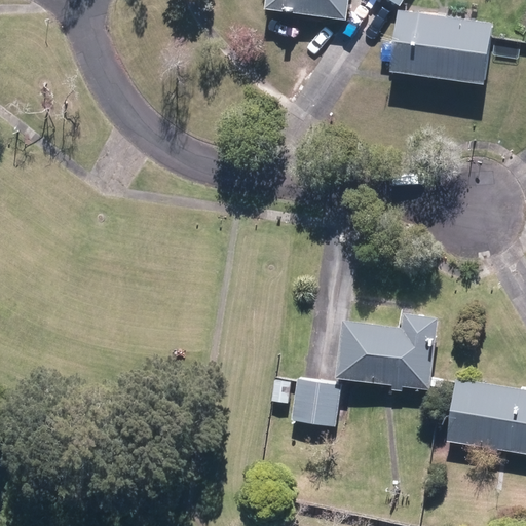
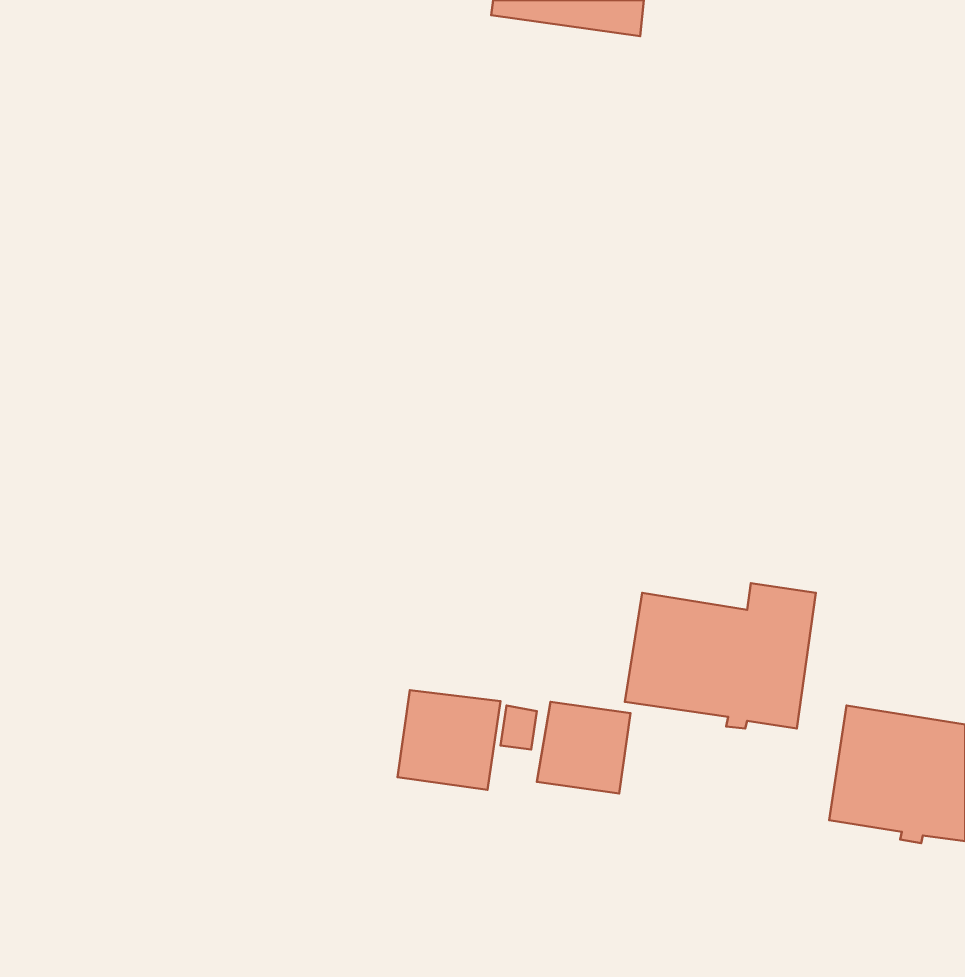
building: [390,10,492,84] -> none
building: none -> [397,690,501,790]

